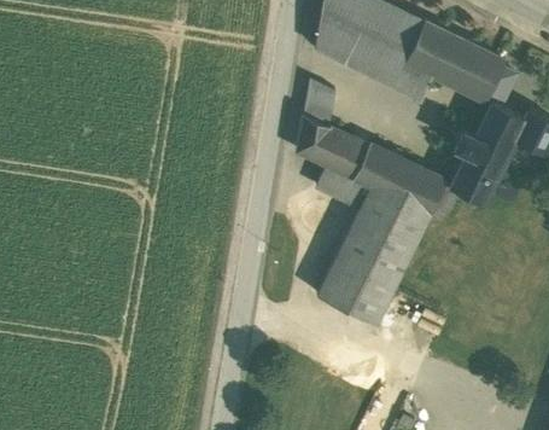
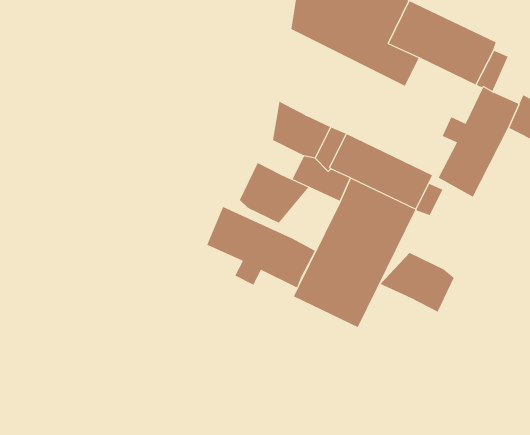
building: [304,80,335,128] -> none
building: none -> [239,162,309,223]
building: none -> [206,206,315,288]
building: none -> [380,252,455,312]

